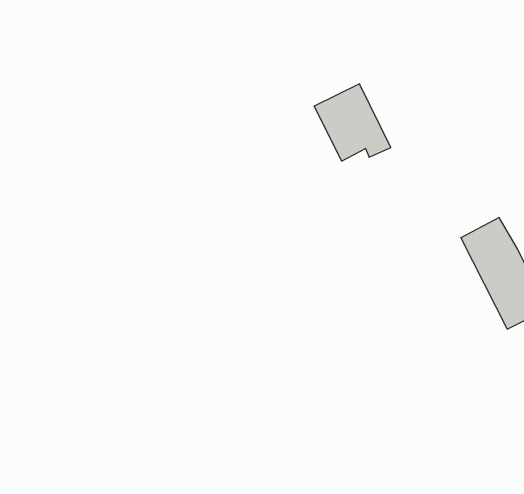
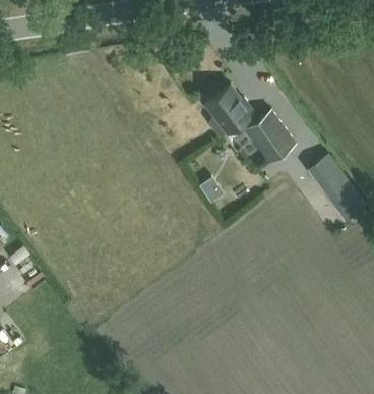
building: none -> [243,110,296,164]

